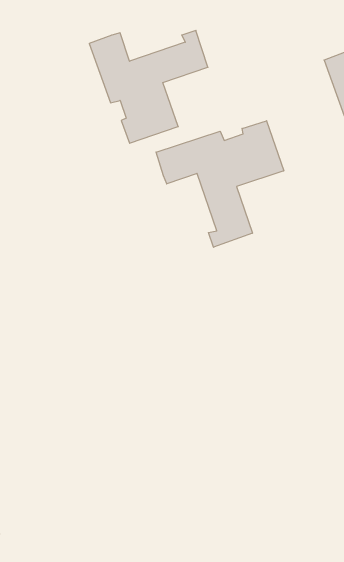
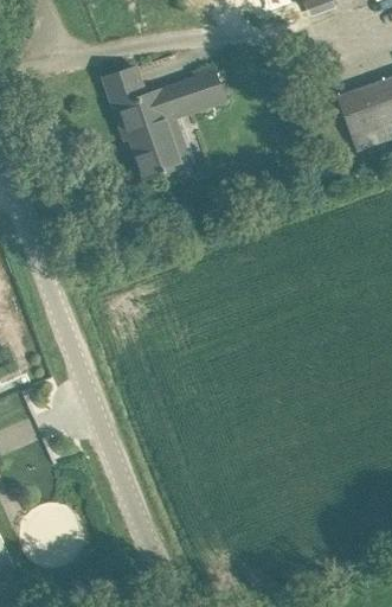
building: [156,121,284,247] -> none

